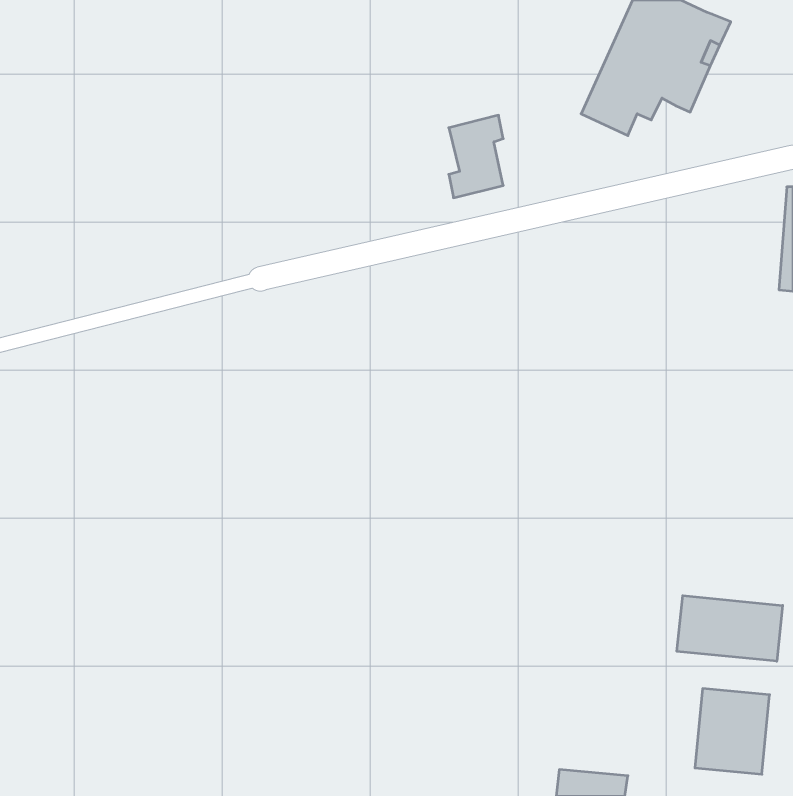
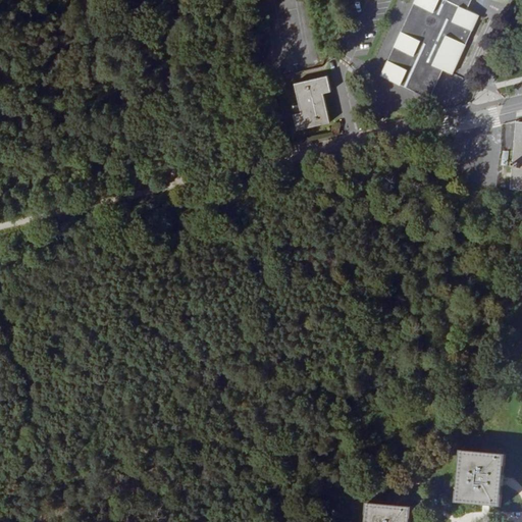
building: none -> [411,64,442,98]
building: [677,596,783,661] -> none

